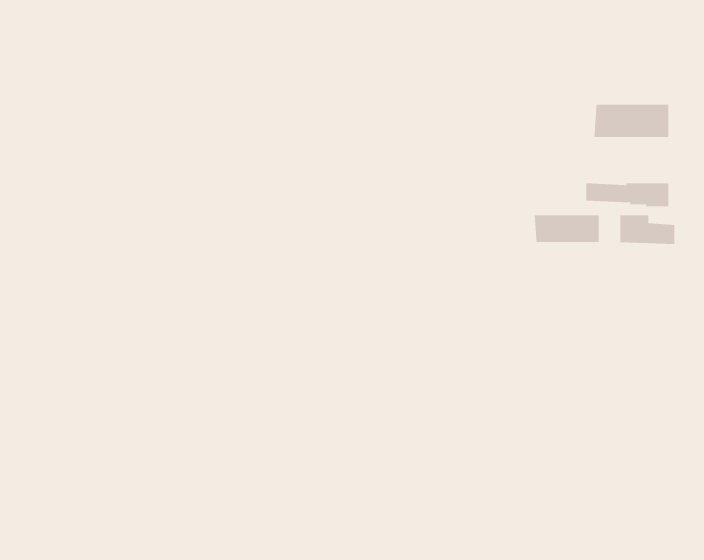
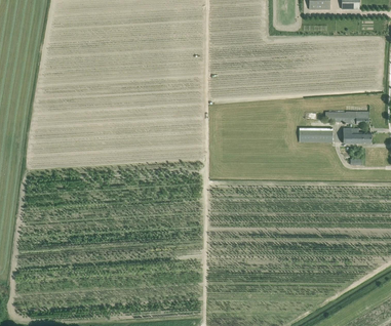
building: [594,104,669,138] -> none

